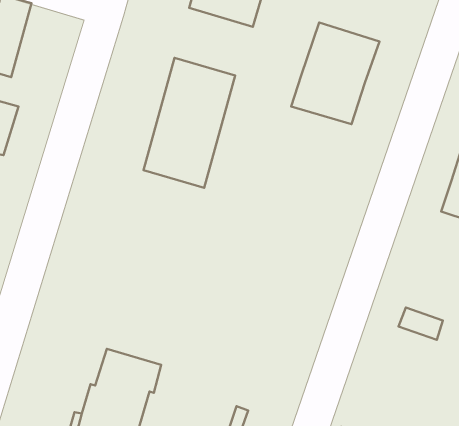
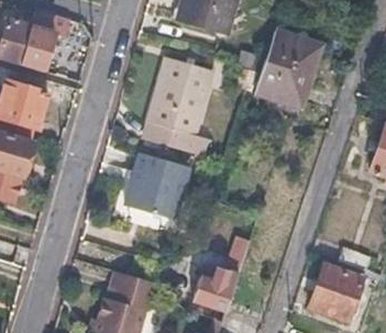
building: none -> [124,154,189,219]
building: none -> [191,235,251,314]
building: none -> [308,266,360,321]

